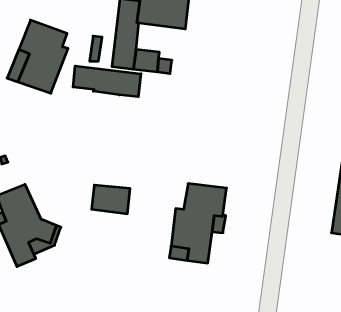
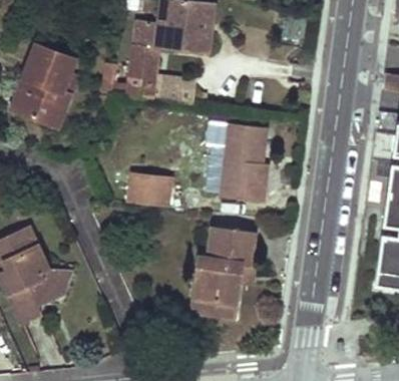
building: [73,66,141,97] -> none
building: none -> [221,123,268,203]
building: [92,185,130,214] -> [128,174,171,207]

